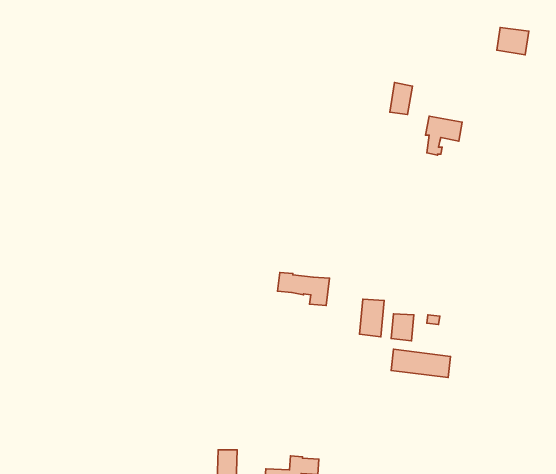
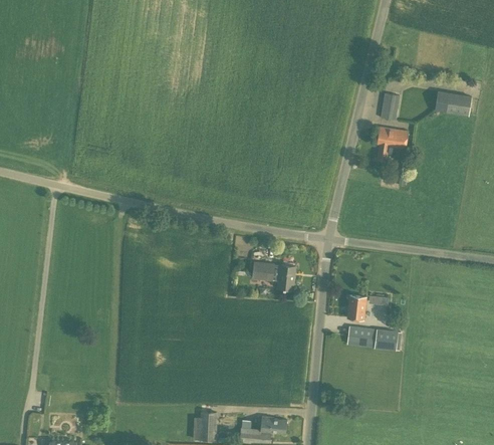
building: [497,28,529,55] -> [444,92,471,116]
building: [390,82,412,114] -> [380,92,399,120]
building: [360,299,384,337] -> none

